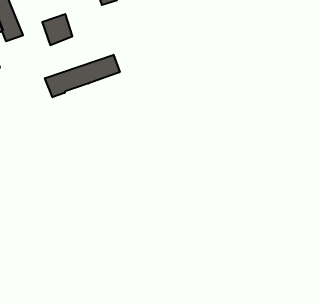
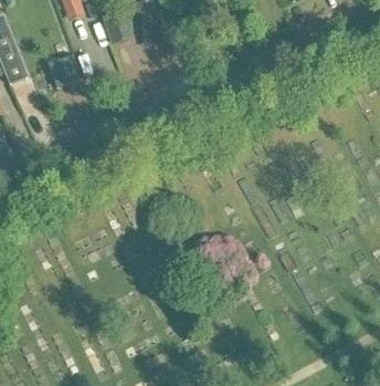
building: [45,55,120,97] -> none

